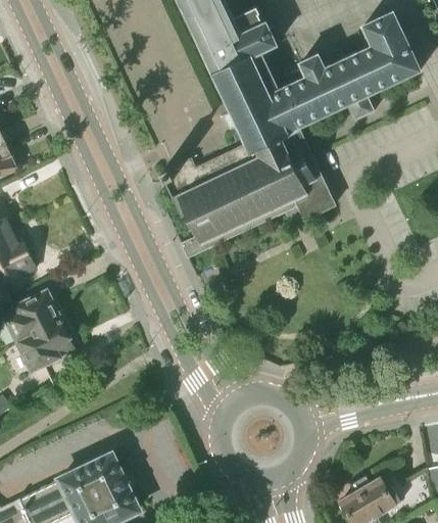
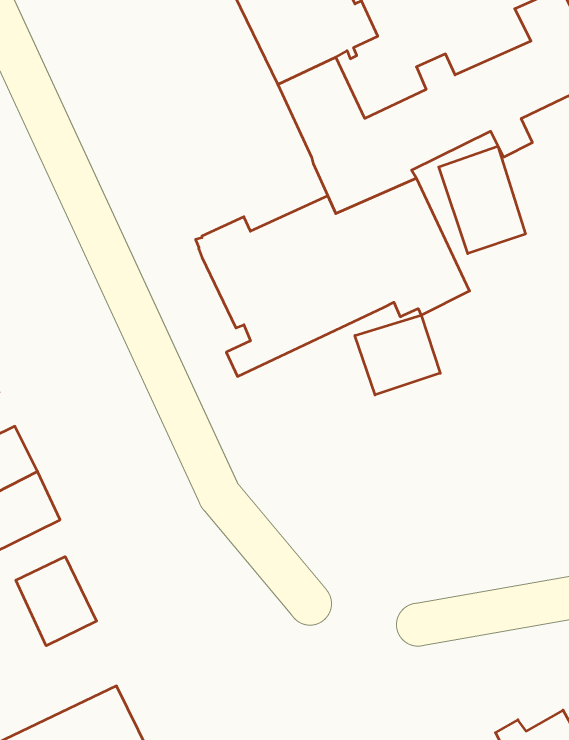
building: none -> [439,146,525,254]
building: none -> [355,315,440,395]
building: none -> [16,557,97,646]

